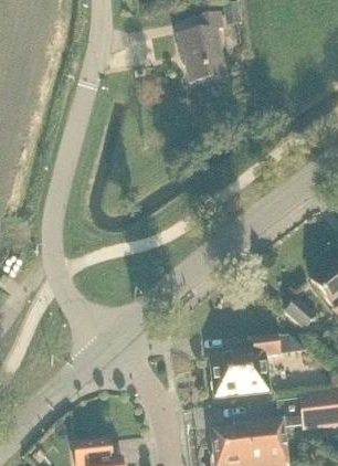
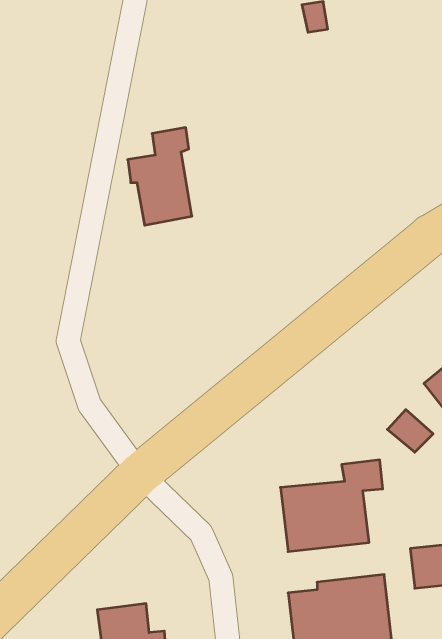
building: [178,11,224,82] -> [128,128,192,225]

